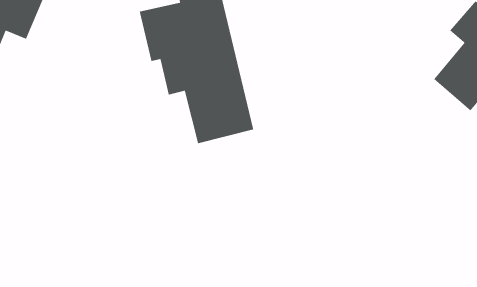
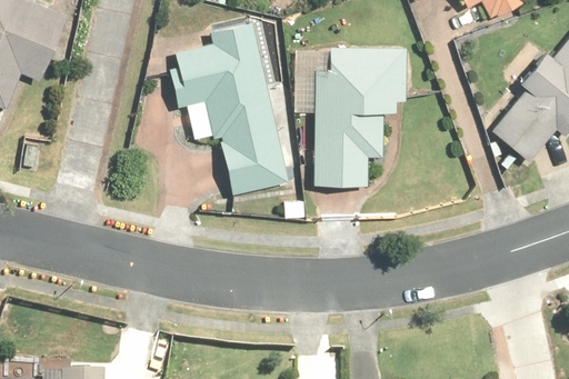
building: none -> [312,42,407,184]

